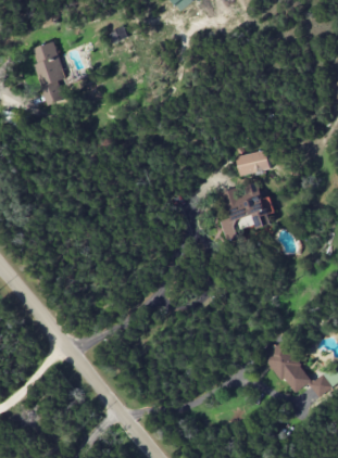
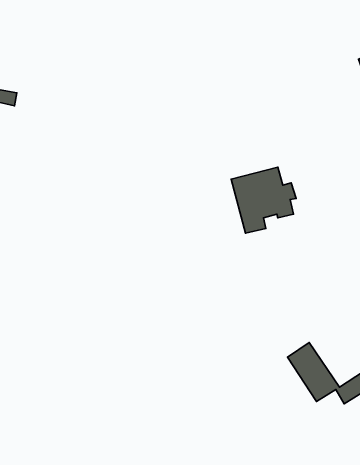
building: [32,41,65,105] -> none
building: [235,151,268,175] -> none

